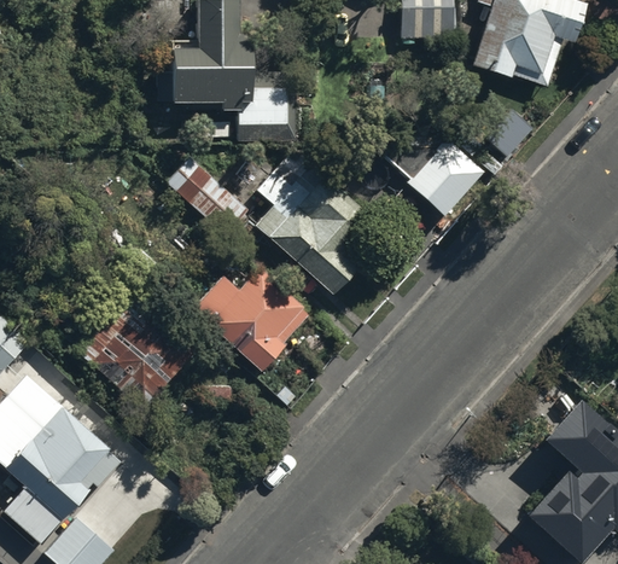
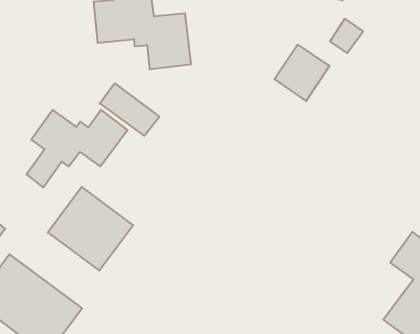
building: [256,156,375,296] -> none
building: none -> [26,110,128,187]
building: [197,271,309,374] -> none

